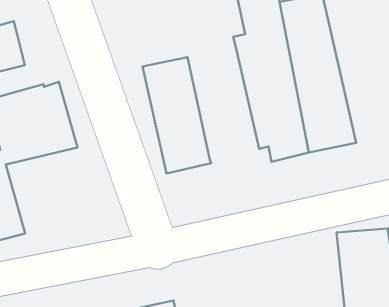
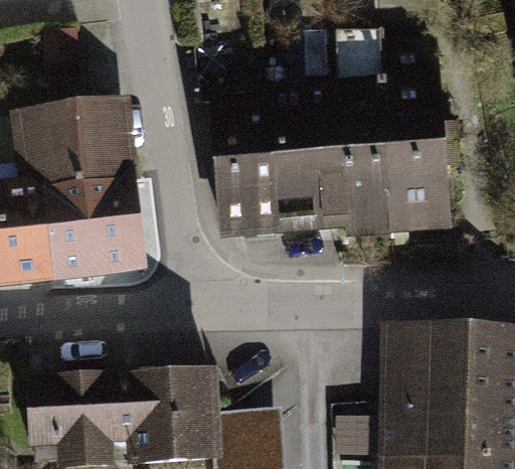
building: none -> [268,100,334,224]
building: none -> [40,187,135,277]

